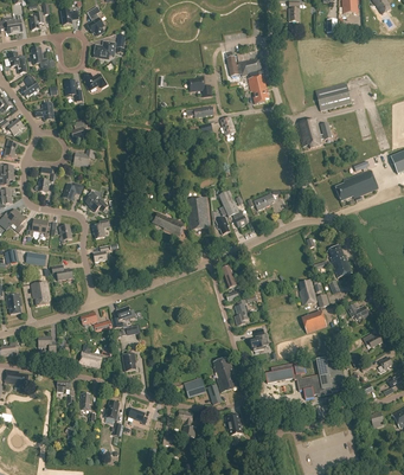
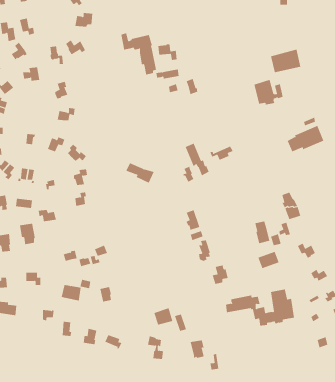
building: [226,54,268,103] -> [120,32,157,75]
building: [186,197,210,230] -> none
building: [213,358,238,392] -> none

